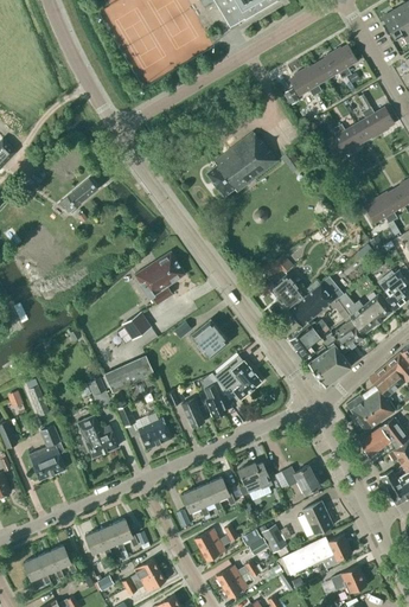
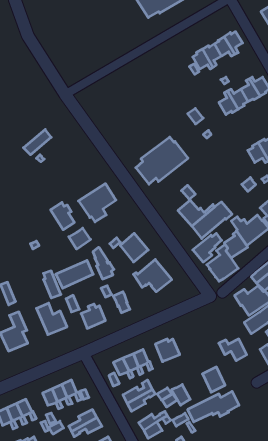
building: [206,132,277,196] -> [136,137,188,184]
building: none -> [51,202,74,230]
building: [200,375,229,417] -> [93,248,114,279]
building: [281,465,319,494] -> [219,339,247,361]
building: [331,566,366,593] -> none

